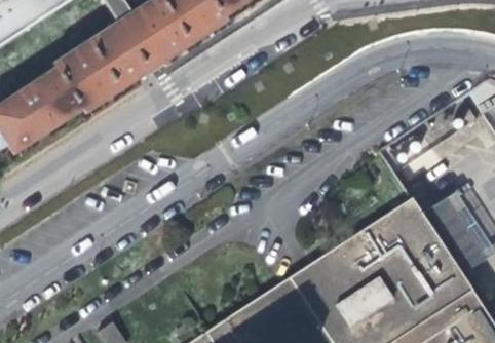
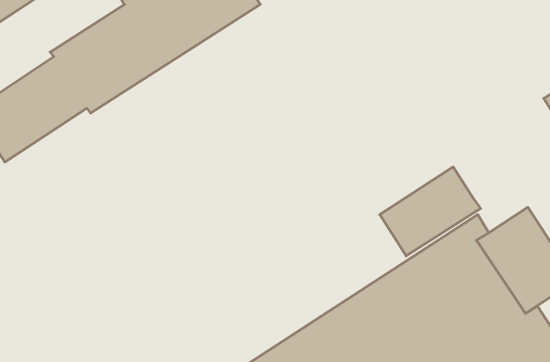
building: none -> [380,167,481,256]

